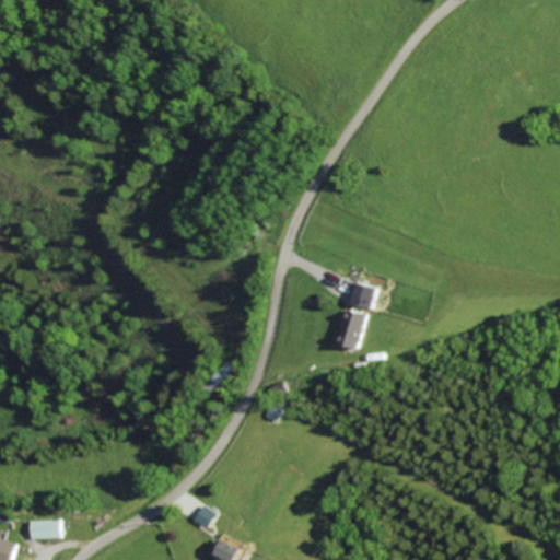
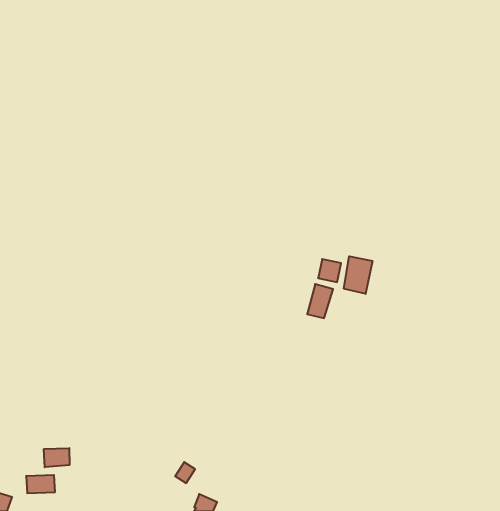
building: none -> [344,256,372,294]
building: none -> [44,448,69,467]

